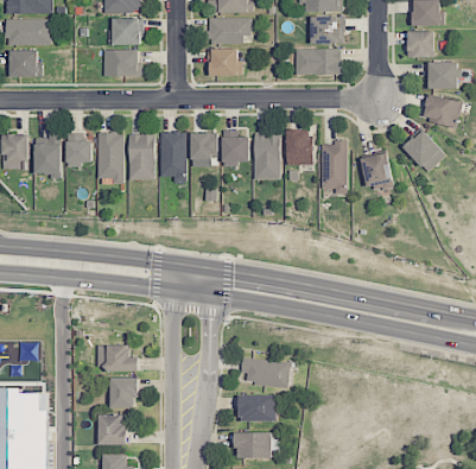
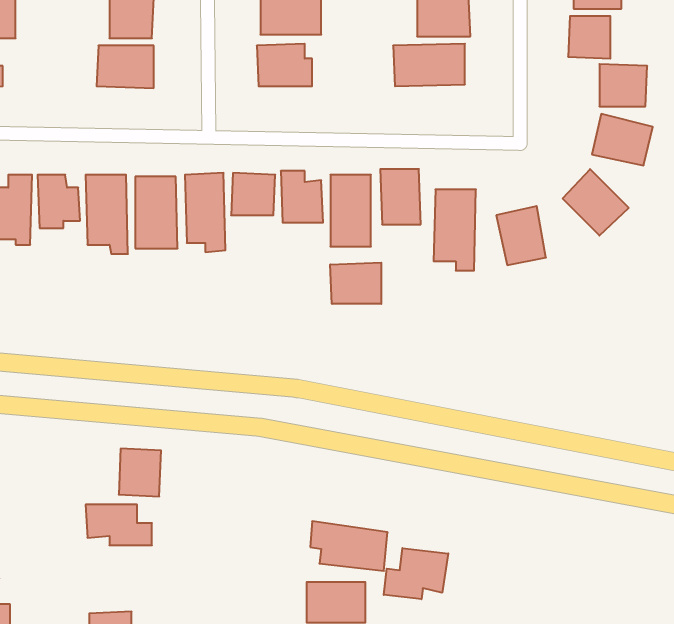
building: none -> [330,263,381,304]
building: none -> [384,548,448,599]
building: [110,378,138,408] -> [119,449,161,496]

